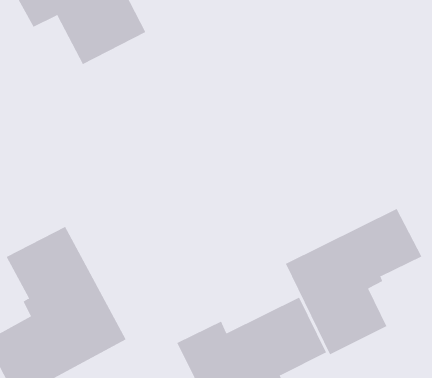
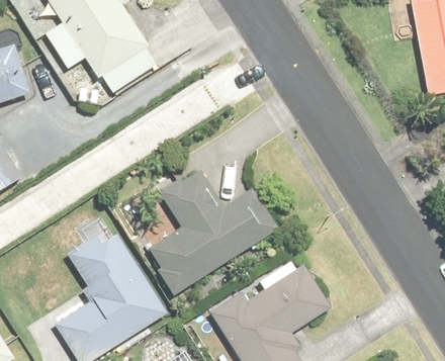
building: none -> [144,168,277,294]
building: [285,208,422,355] -> none

